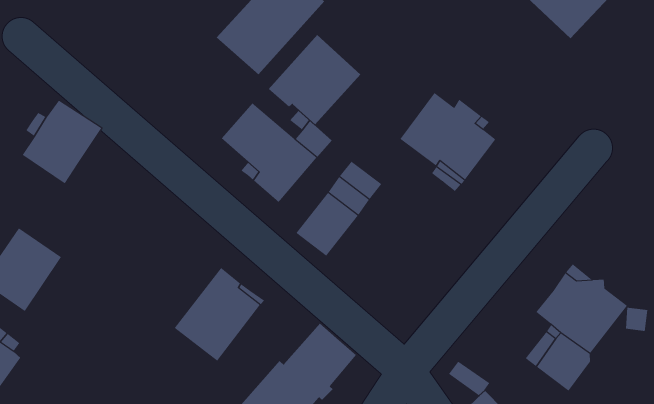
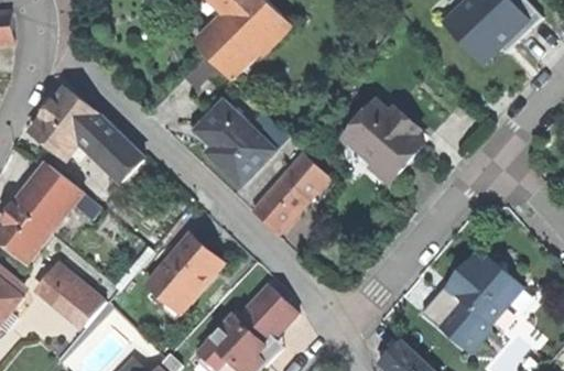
building: [268,34,361,125] -> none
building: none -> [77,114,142,183]
building: none -> [24,165,79,218]
building: none -> [36,263,102,326]

